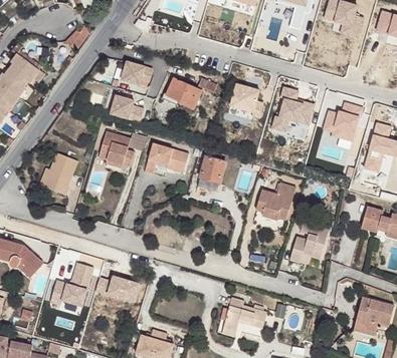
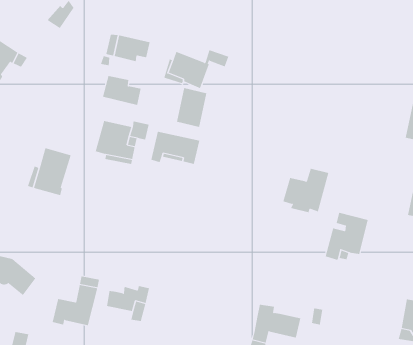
building: [229,83,262,117] -> none
building: [271,87,314,131] -> none
building: [323,102,362,141] -> none
building: [197,158,225,194] -> [176,87,207,128]

